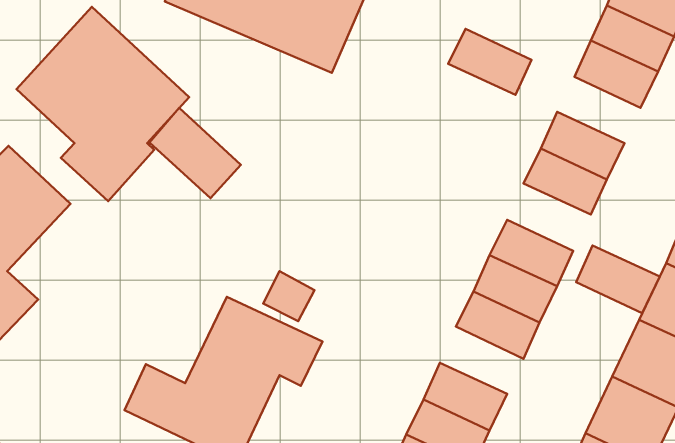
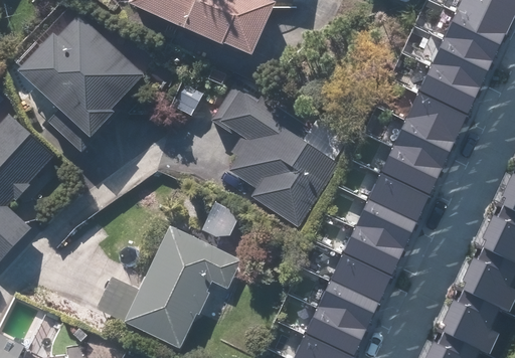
building: [448,29,532,95] -> [418,61,481,111]
building: none -> [213,83,338,227]
building: [149,108,241,198] -> none
building: [576,246,660,313] -> [381,141,444,191]
building: none -> [331,247,393,298]

